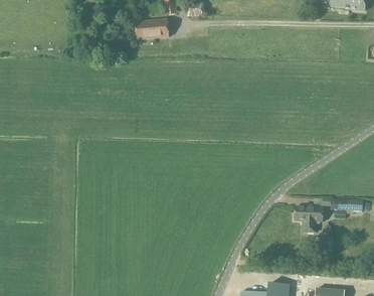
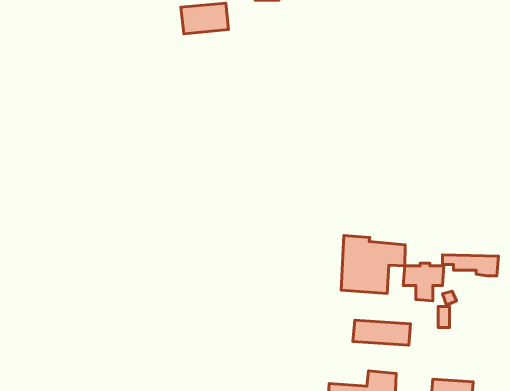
building: none -> [341,235,405,294]
building: none -> [353,320,410,345]

